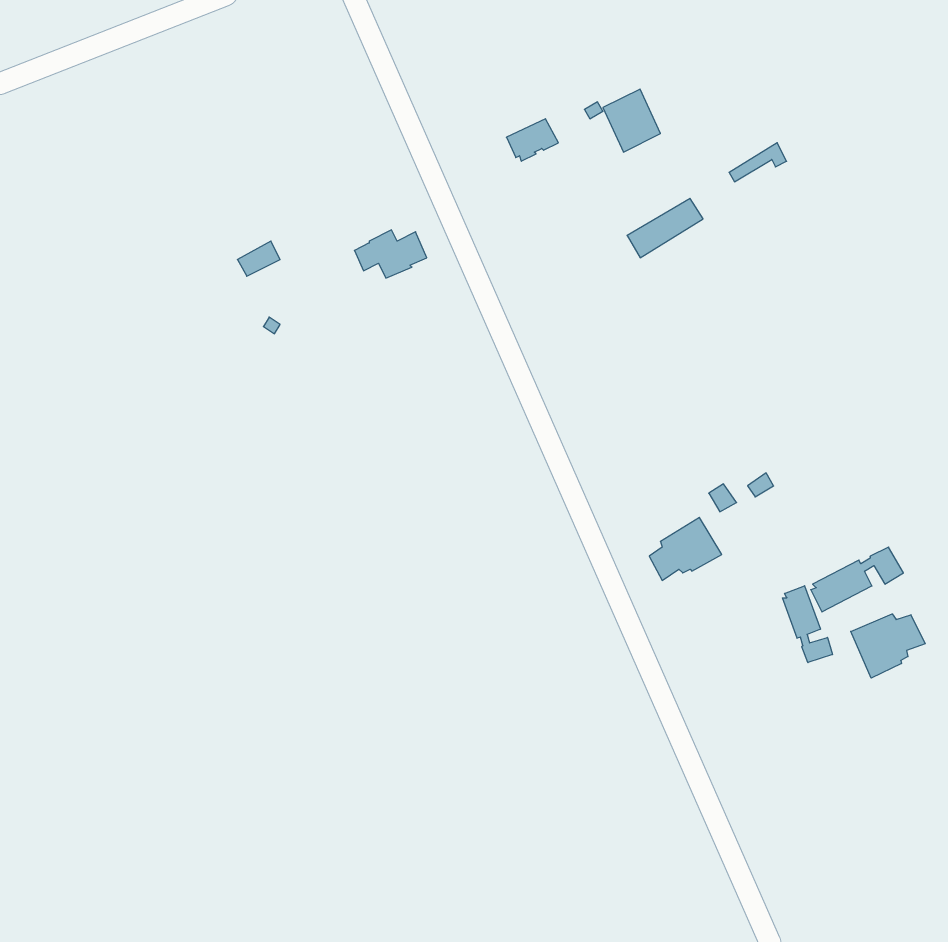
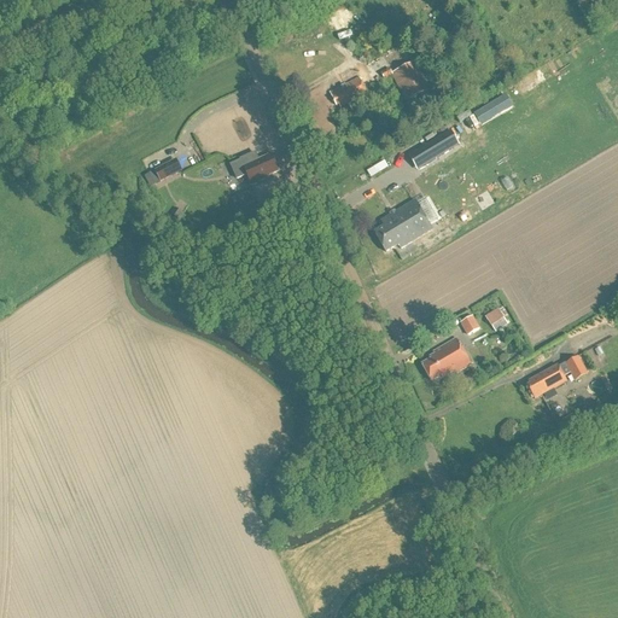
building: none -> [375,197,435,250]
building: [782,586,832,663] -> none
building: [851,614,925,678] -> none

